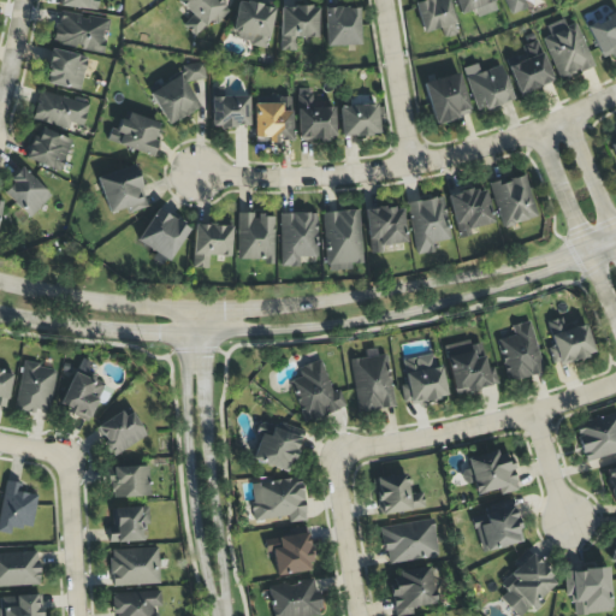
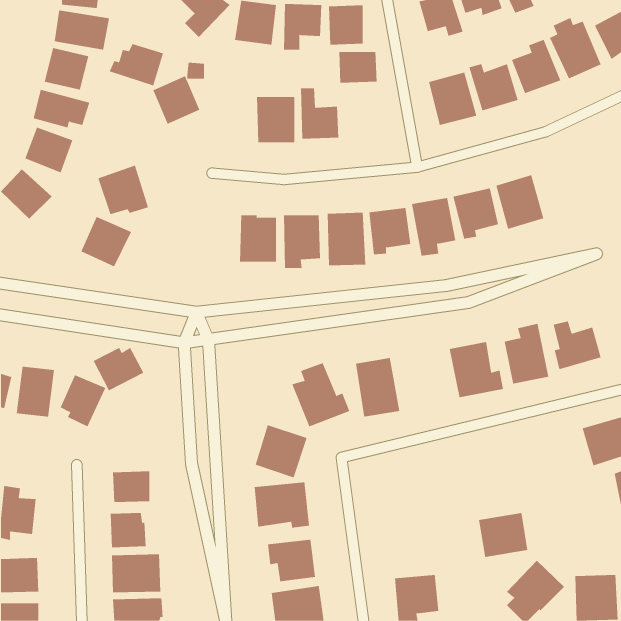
building: [213,87,251,126] -> none
building: [342,103,380,135] -> [338,51,377,83]
building: [108,112,162,154] -> [109,43,164,86]
building: [140,208,190,259] -> [80,216,132,267]
building: [194,223,232,267] -> none
building: [402,354,448,402] -> none
building: [97,410,148,454] -> [93,347,144,391]
building: [463,450,520,492] -> none
building: [375,473,426,511] -> none
building: [384,519,439,562] -> none

